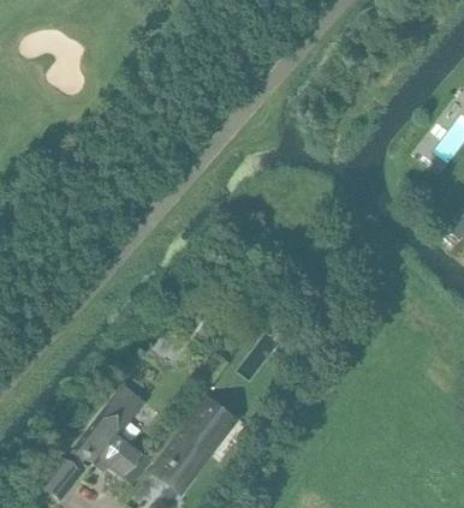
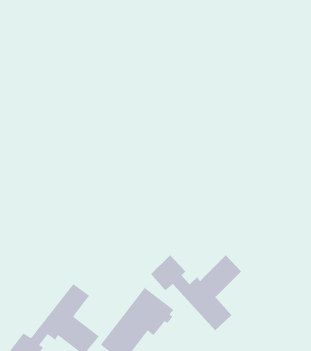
building: none -> [150,255,242,331]

